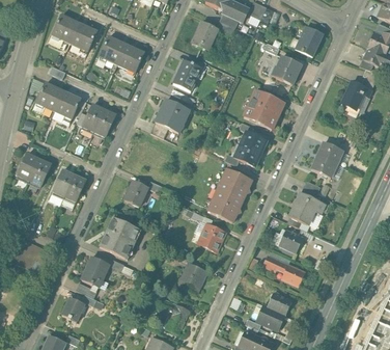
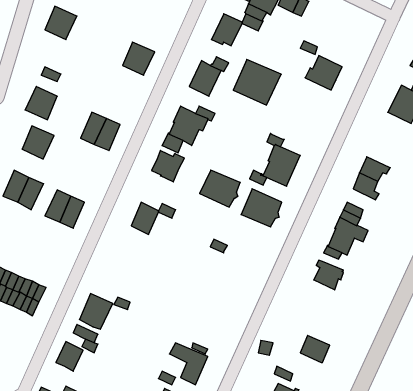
building: [69,23,96,51] -> none
building: [296,26,323,56] -> none
building: [99,36,126,64] -> none
building: [244,89,284,128] -> [233,59,281,105]
building: [54,90,81,118] -> [22,126,54,159]
building: none -> [152,150,184,182]
building: [207,190,242,221] -> [200,170,240,207]
building: [100,217,139,259] -> none
building: [198,223,225,251] -> none
building: [269,258,304,287] -> none
building: [179,263,206,294] -> none
building: [256,304,284,329] -> none

